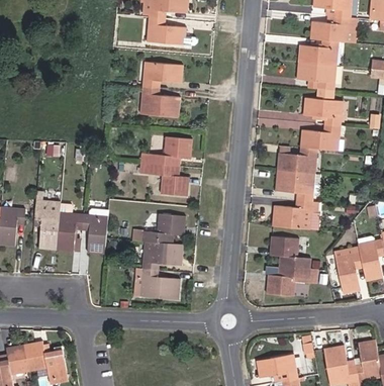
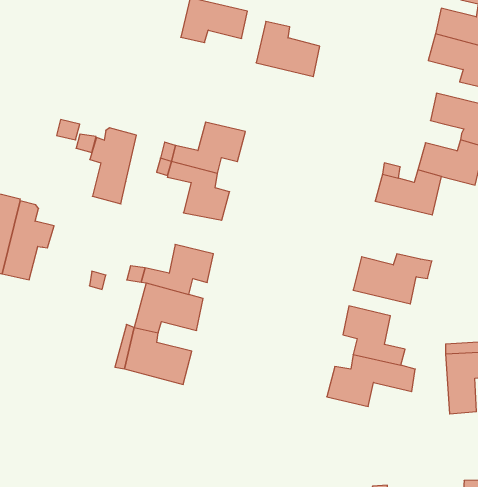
building: [140,88,178,117] -> [256,21,320,77]
building: [275,170,319,201] -> none
building: [81,208,107,254] -> [90,128,136,204]

